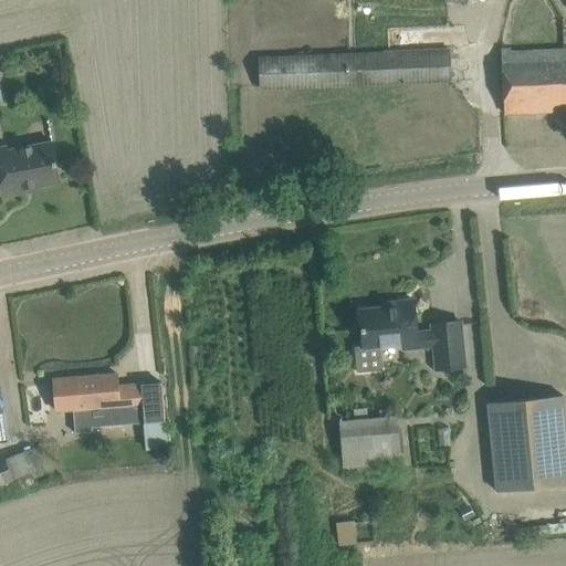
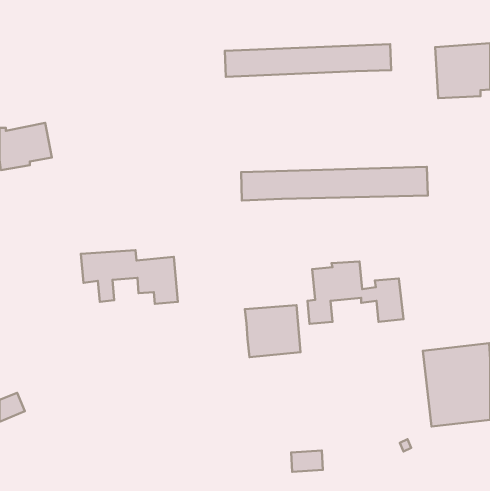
building: none -> [241,167,428,201]
building: [53,374,165,436] -> [81,250,178,304]
building: [338,416,402,475] -> [245,305,300,357]

